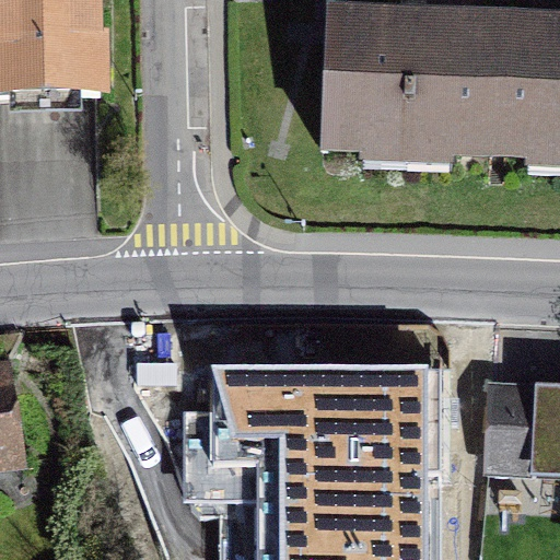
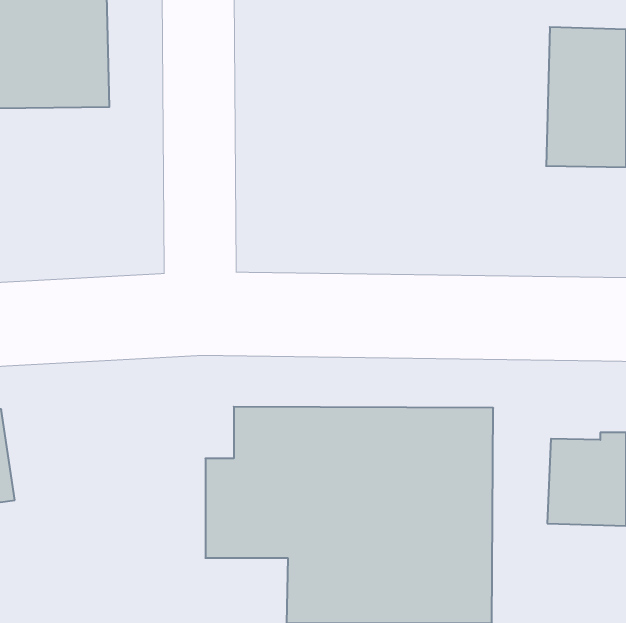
building: [329,21,489,148] -> none

